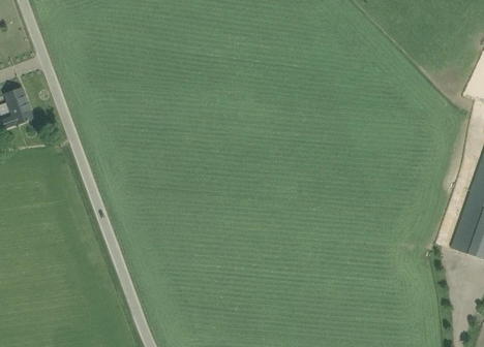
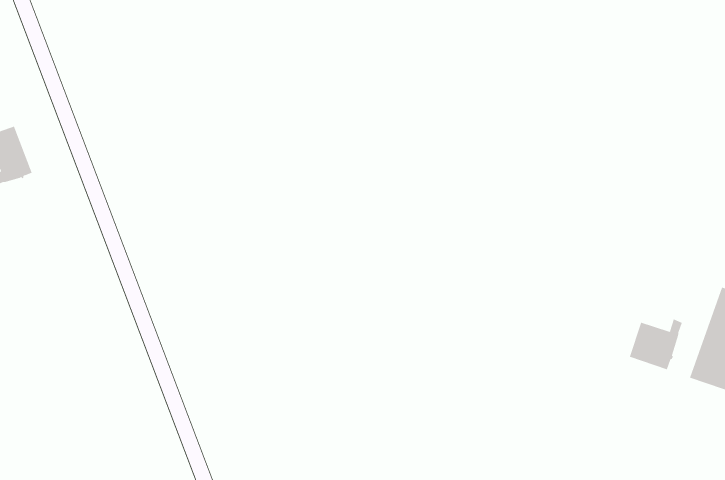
building: none -> [629,319,683,370]

